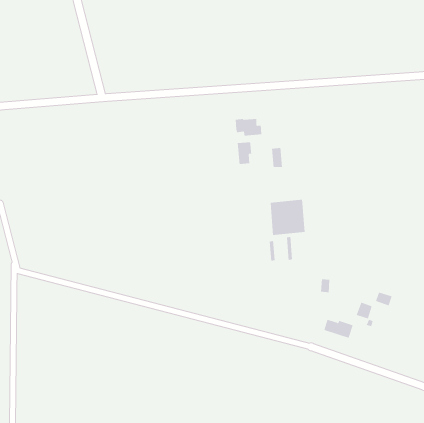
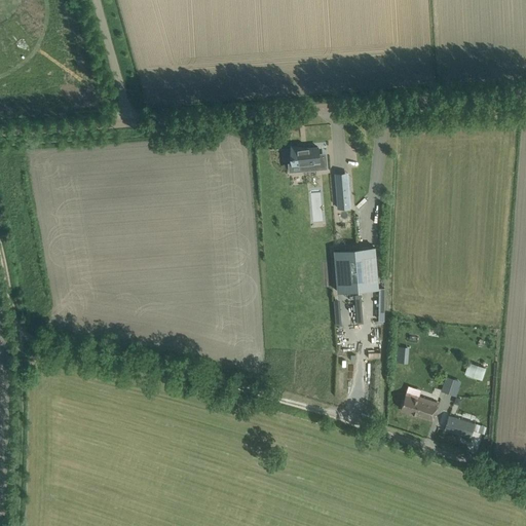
building: [237,142,252,165] -> none
building: none -> [439,416,475,440]

